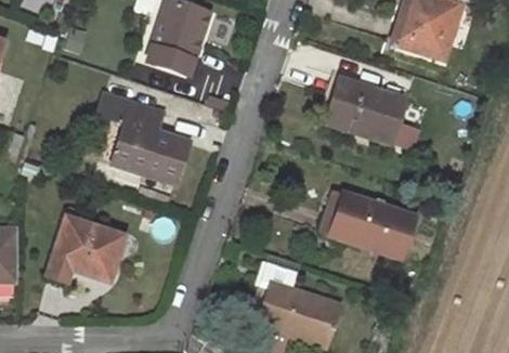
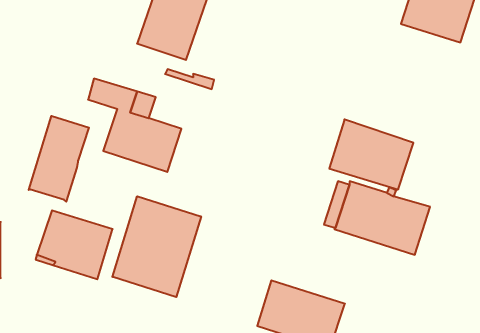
building: [326,77,404,142] -> [329,119,413,189]
building: none -> [29,116,89,202]
building: none -> [112,196,201,297]

